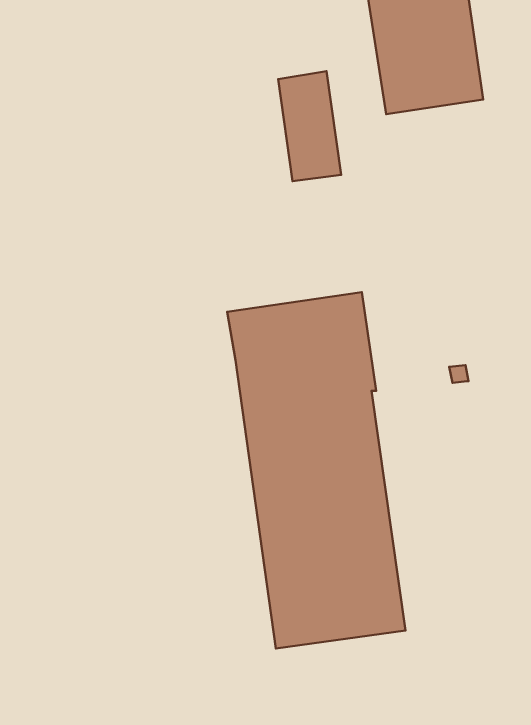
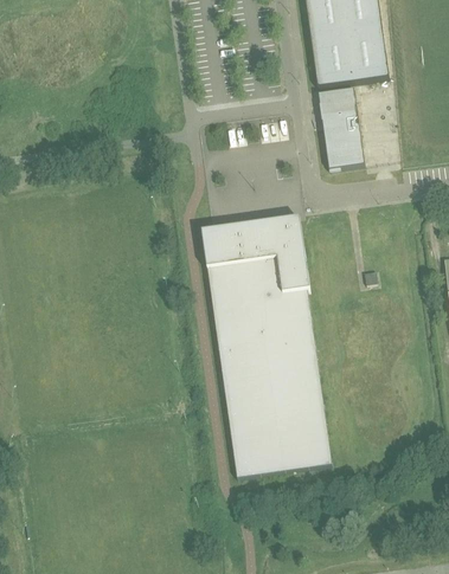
building: [278,71,341,181] -> [317,85,364,166]

